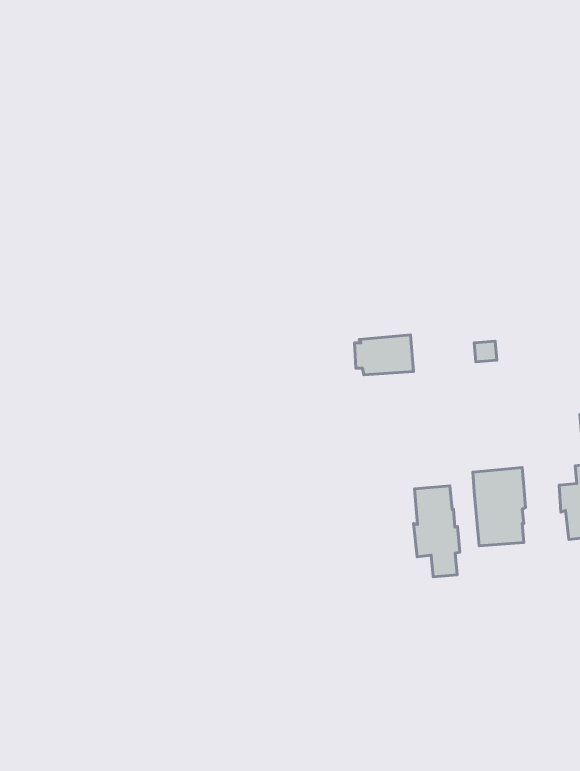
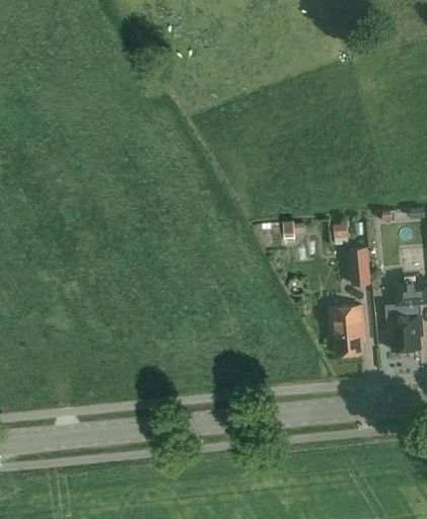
building: none -> [349,246,371,285]
building: [413,486,460,577] -> none

